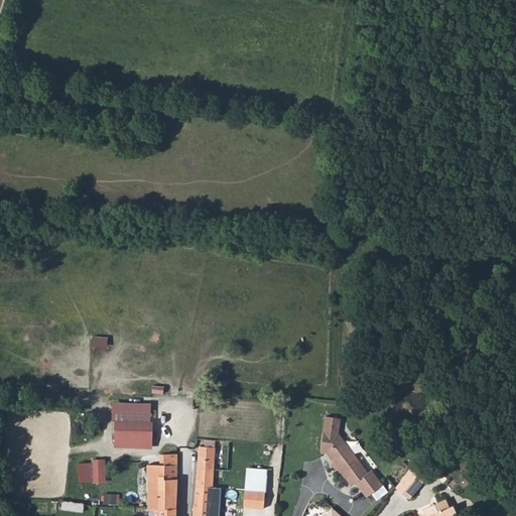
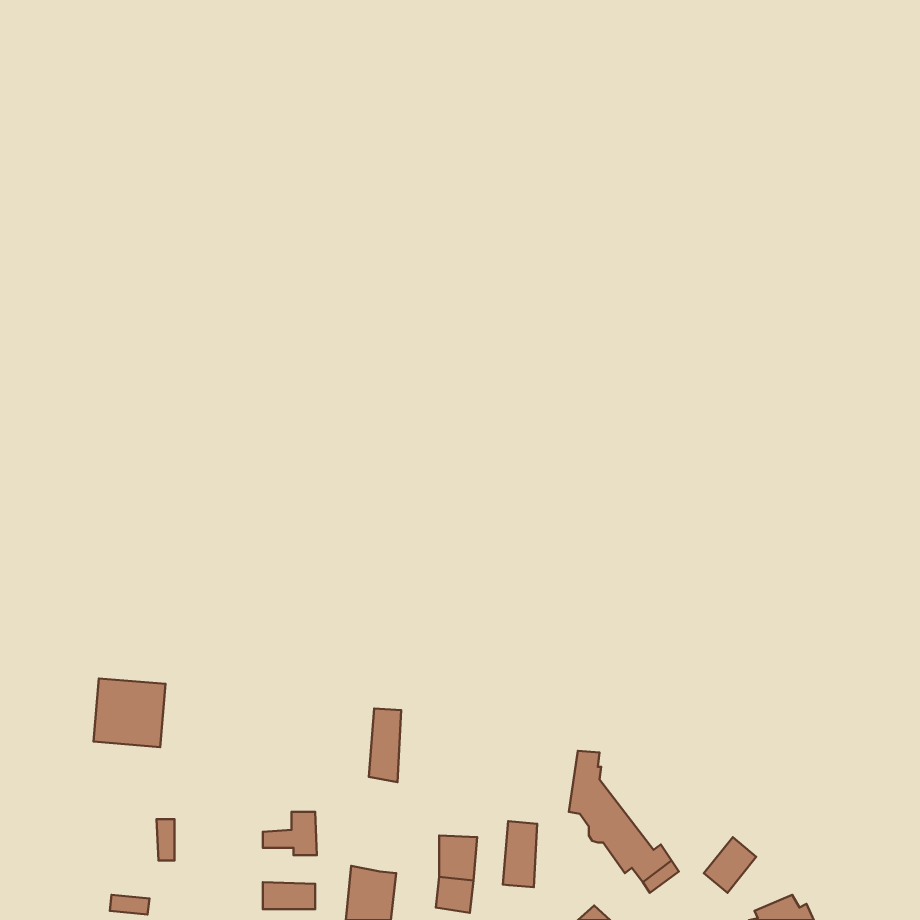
building: [112,409,152,447] -> [93,679,165,747]
building: [197,446,215,488] -> [369,708,401,782]
building: none -> [503,821,537,887]
building: [147,475,177,495] -> none

